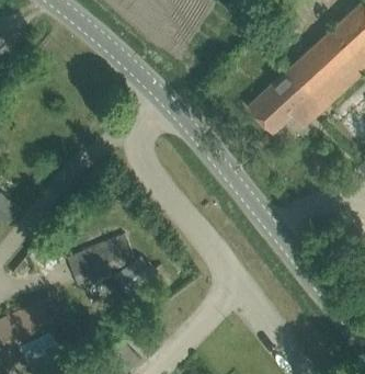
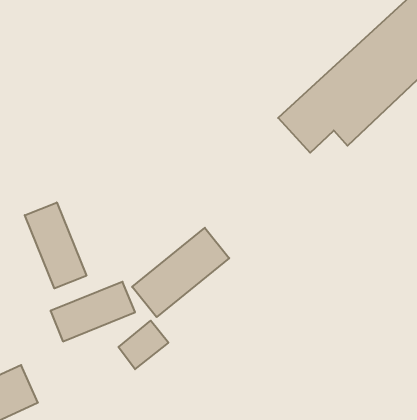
building: none -> [25,202,86,288]
building: none -> [132,228,229,317]

